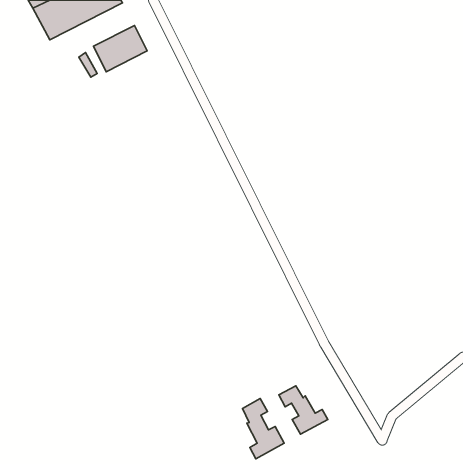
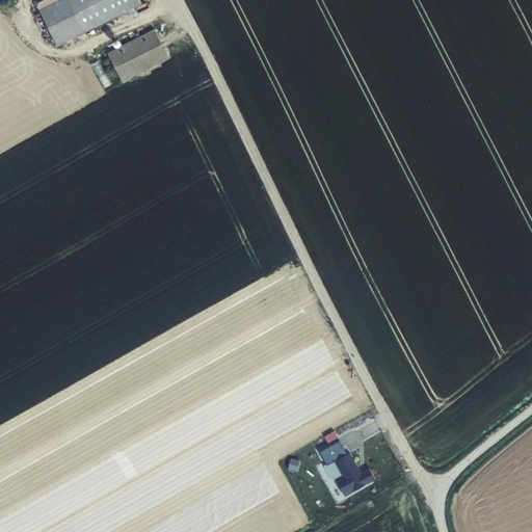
building: [242,398,284,459] -> none

